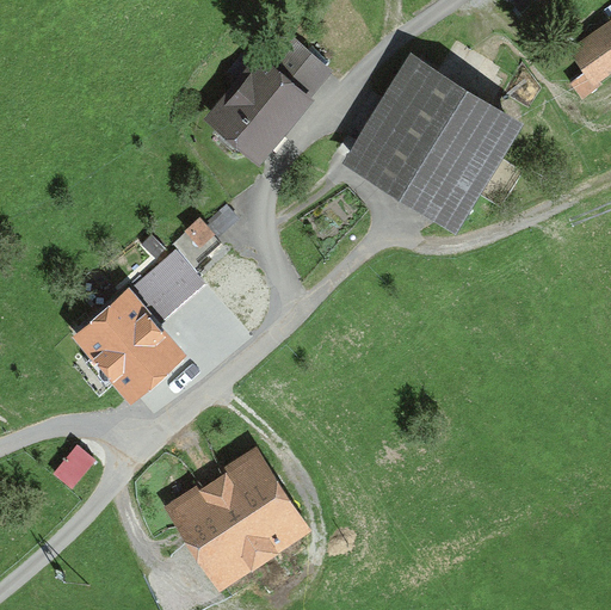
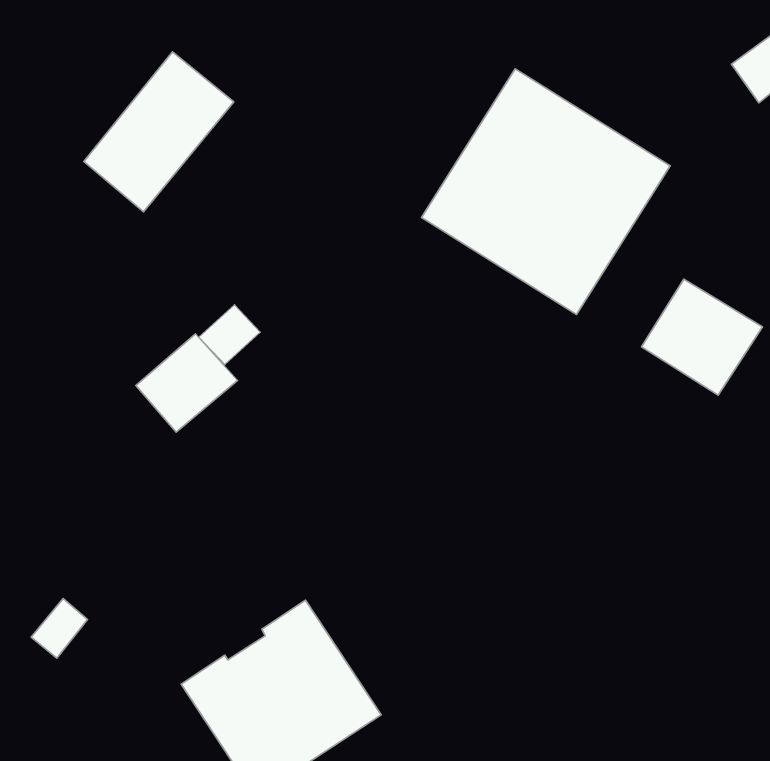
building: [211,29,322,147] -> [84,52,234,212]
building: none -> [641,279,763,395]
building: [74,290,186,405] -> none

